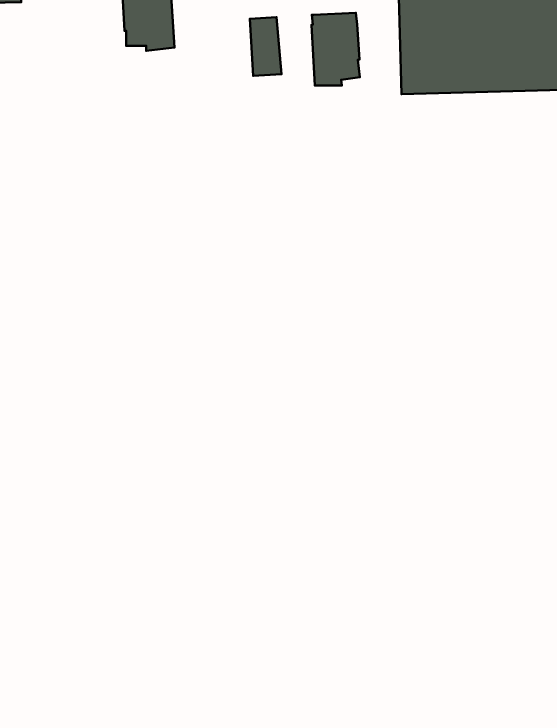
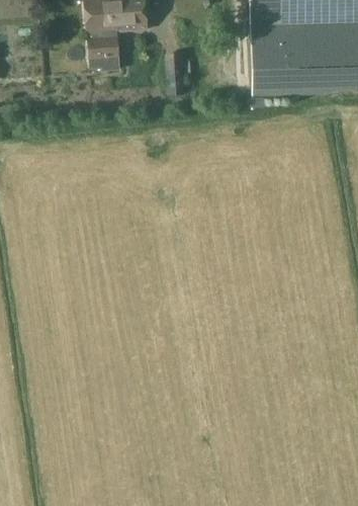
building: [311,13,360,86] -> none

